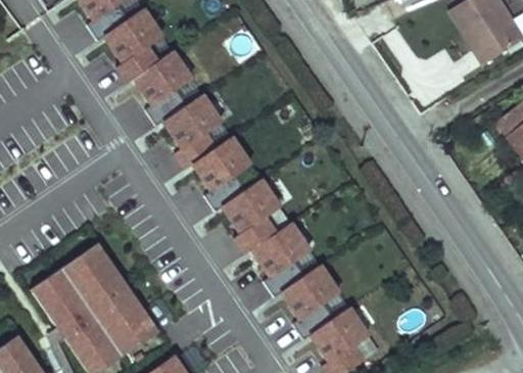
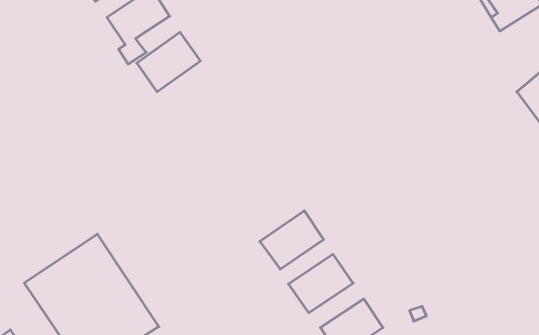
building: [164,94,226,150] -> none
building: [192,137,254,193] -> none
building: [223,181,283,254] -> none

